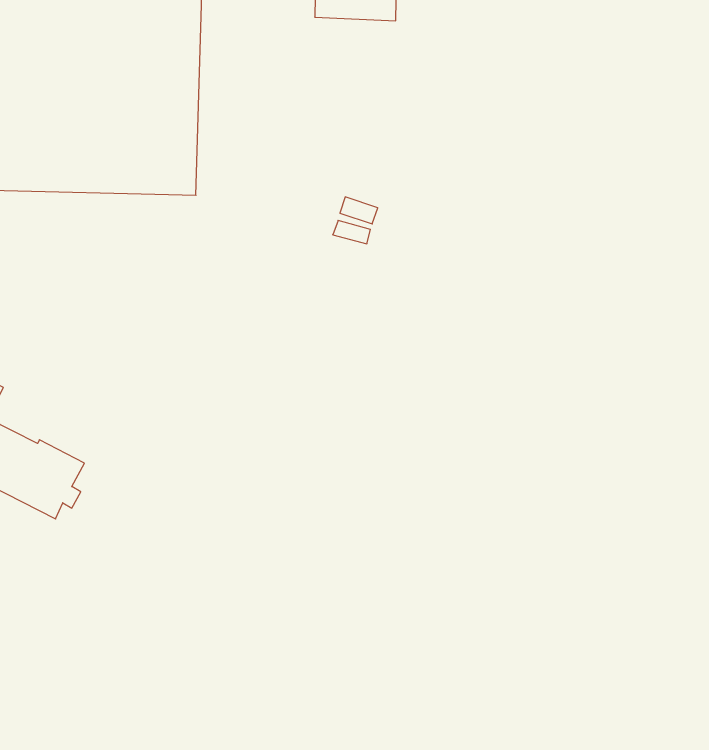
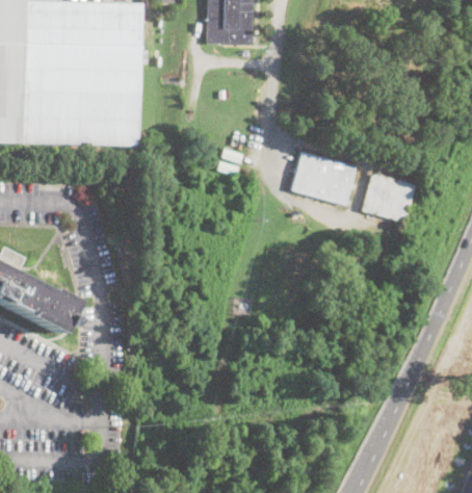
building: none -> [293,151,358,205]
building: none -> [364,173,417,223]

